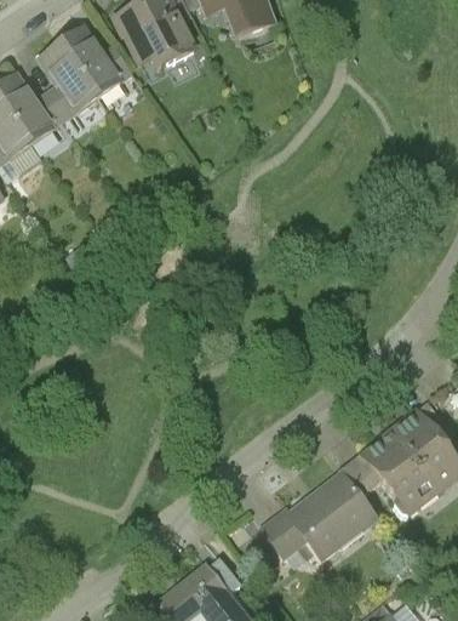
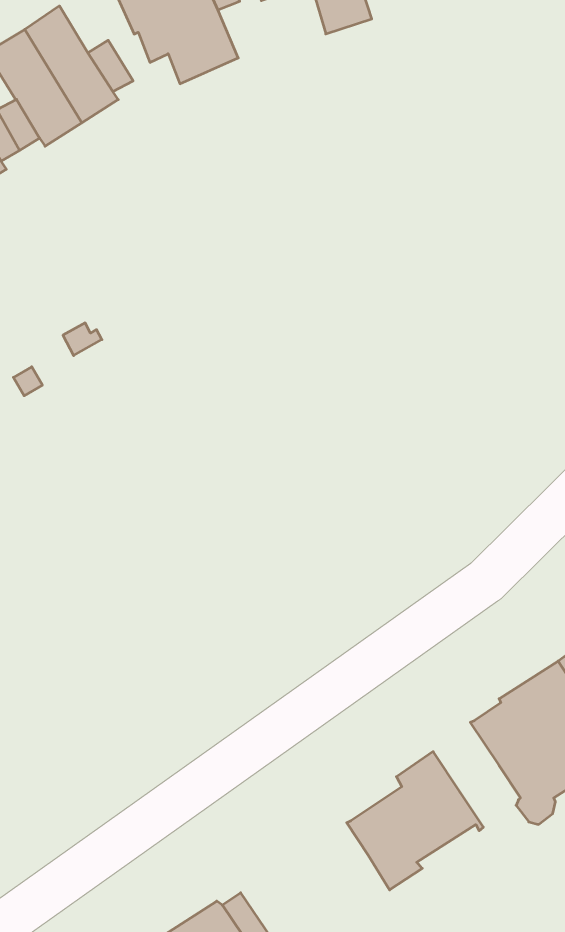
building: [337,451,380,497] -> none
building: [261,511,303,557] -> none

